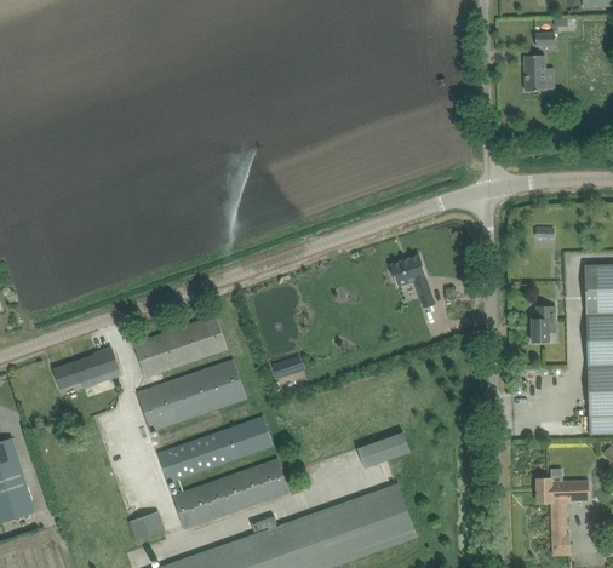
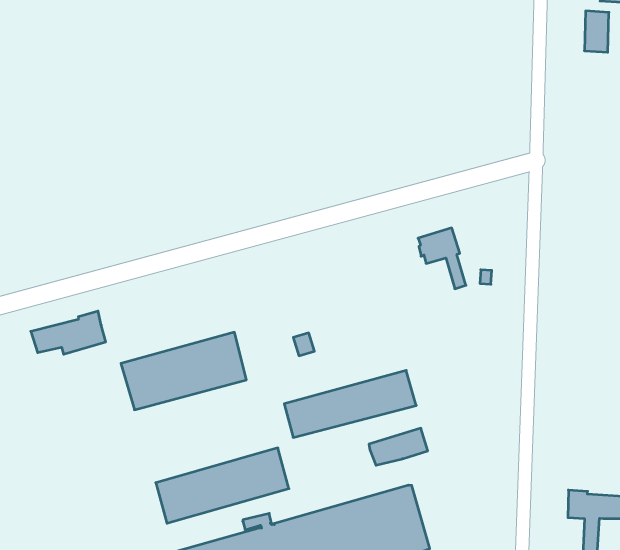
building: [531,305,556,340] -> none
building: [133,314,228,377] -> none
building: [156,417,273,482] -> [284,370,416,437]
building: [128,510,164,539] -> none

